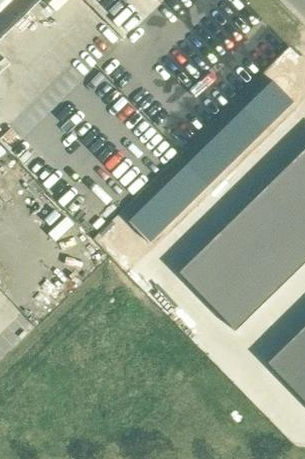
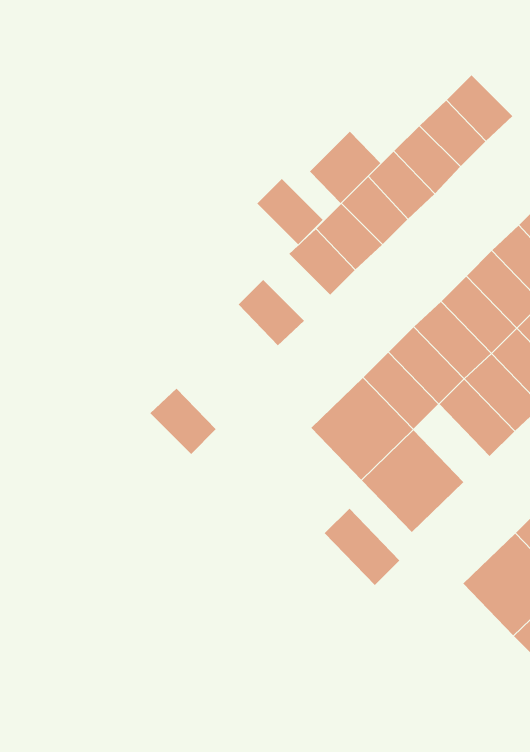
building: none -> [309,131,381,204]
building: [156,178,193,215] -> [256,178,323,245]
building: [127,206,164,243] -> [149,388,216,455]
building: [240,261,282,305] -> [324,508,400,586]

